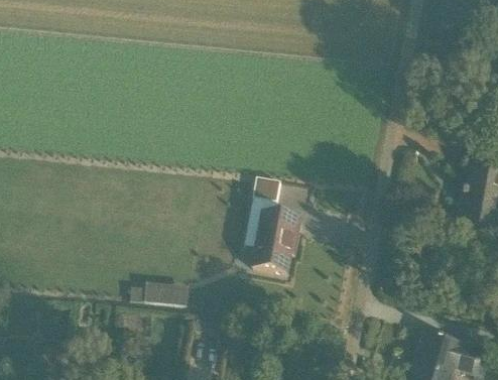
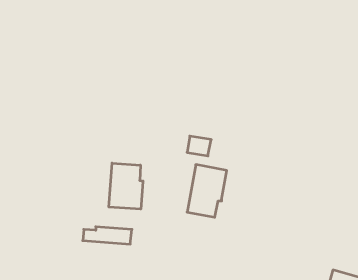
building: none -> [109,163,143,209]

